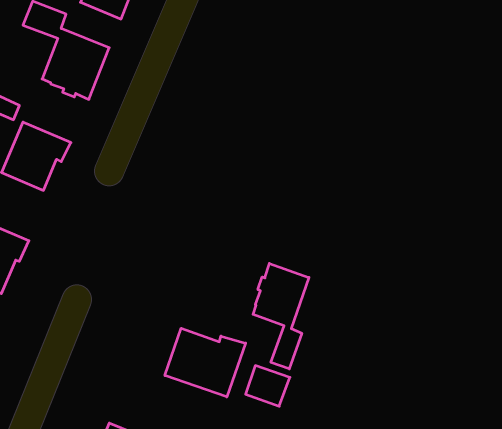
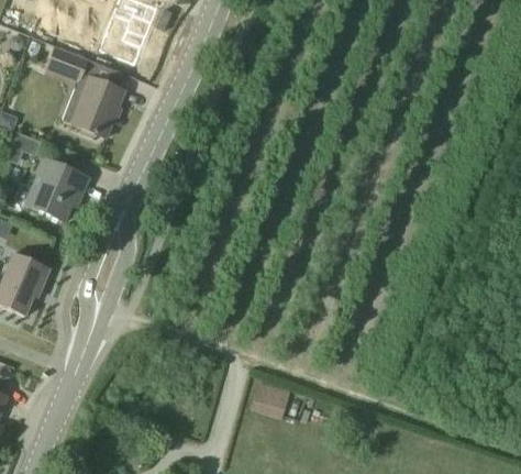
building: [253,263,309,369] -> none
building: [165,328,246,397] -> none

